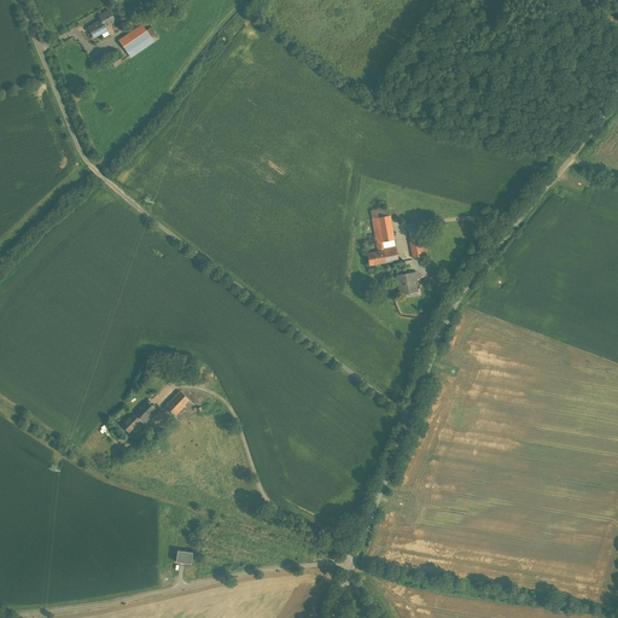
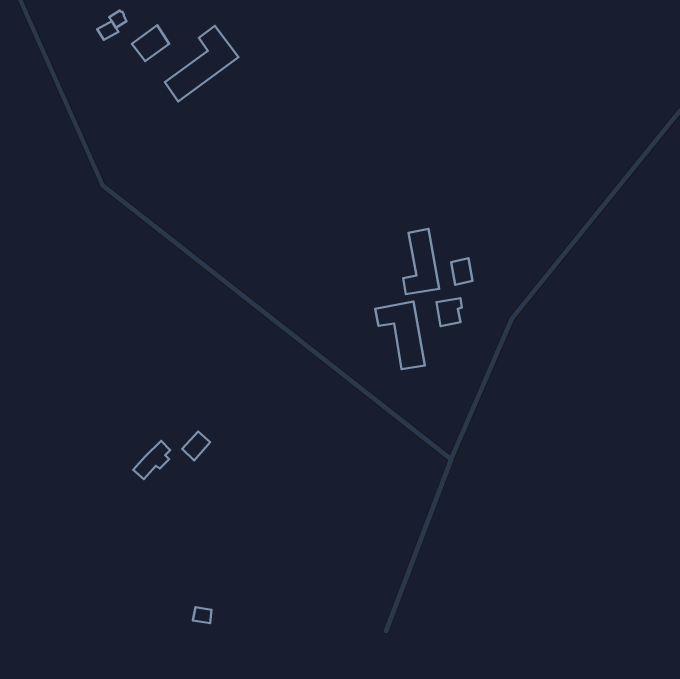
building: none -> [165,26,239,101]
building: none -> [375,302,425,369]

